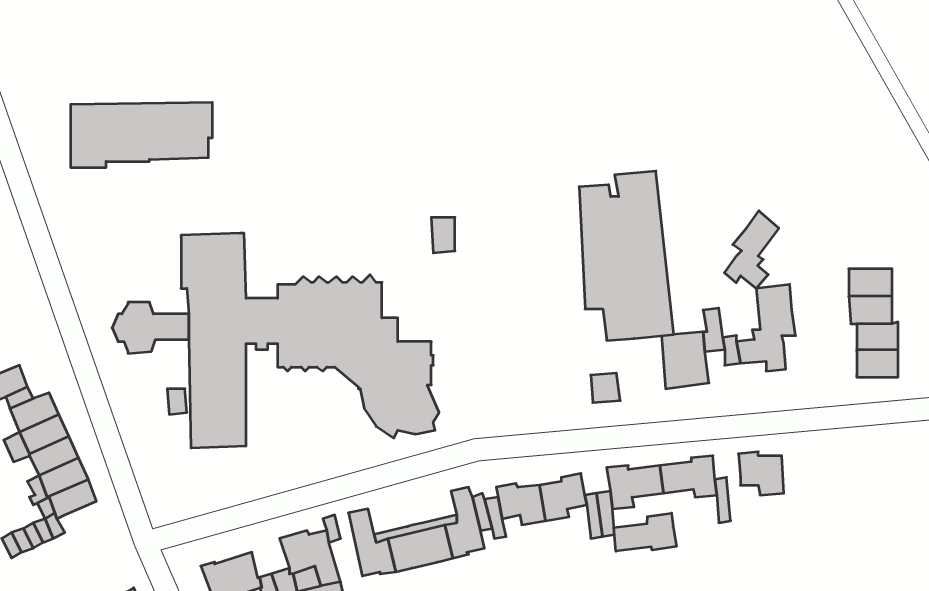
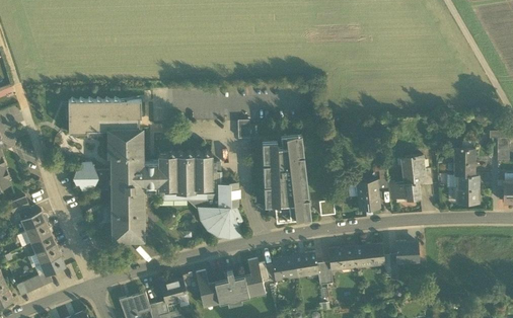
building: [71,102,212,167] -> [68,100,141,134]
building: [579,171,674,340] -> [262,135,310,222]
building: [724,211,779,288] -> none
building: [614,513,676,551] -> none

